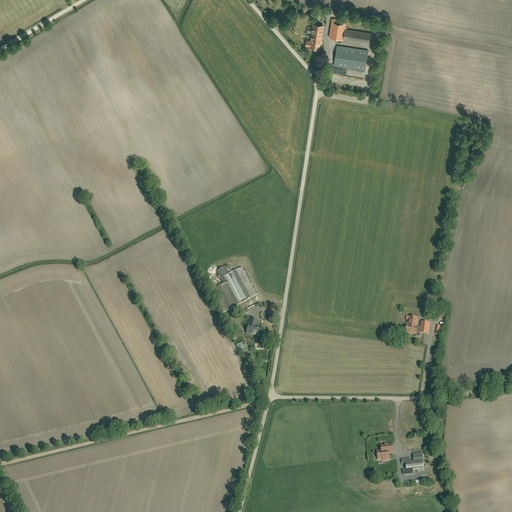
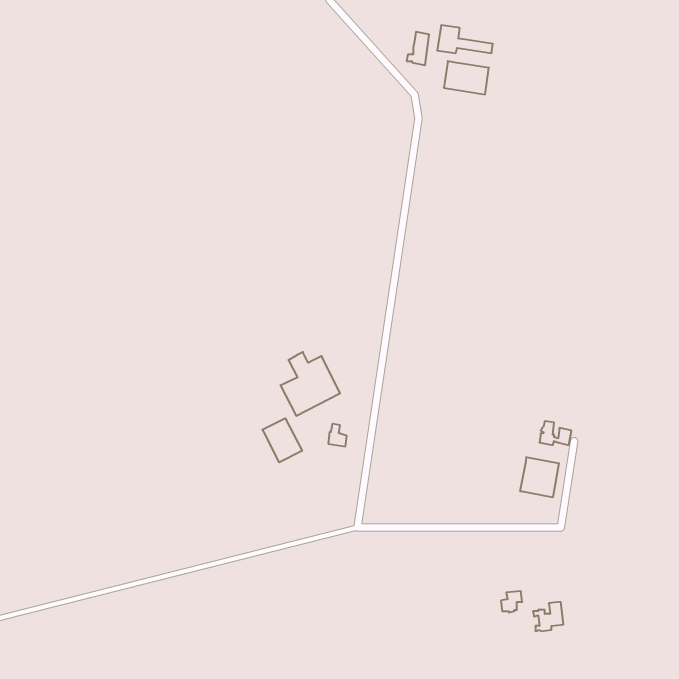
building: none -> [262,418,302,462]
building: none -> [520,457,559,497]

